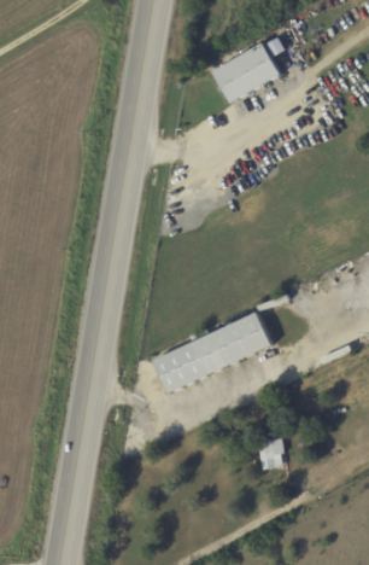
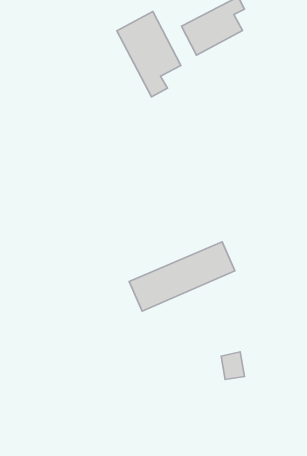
building: none -> [117,12,181,97]

